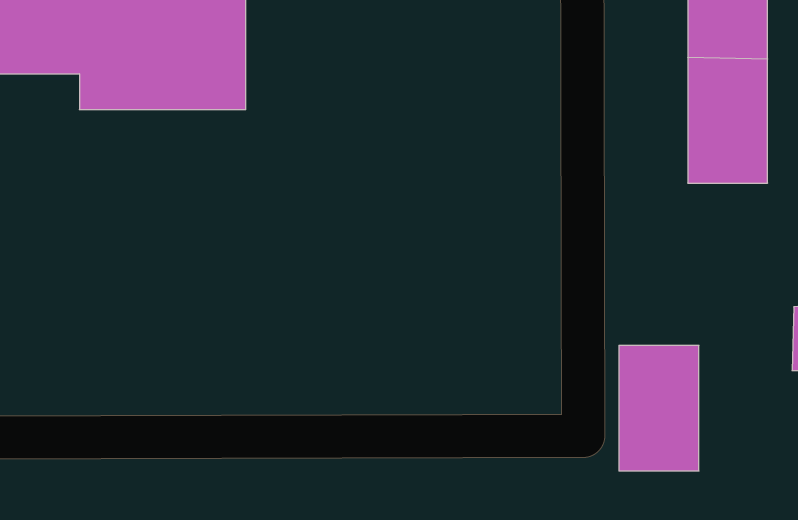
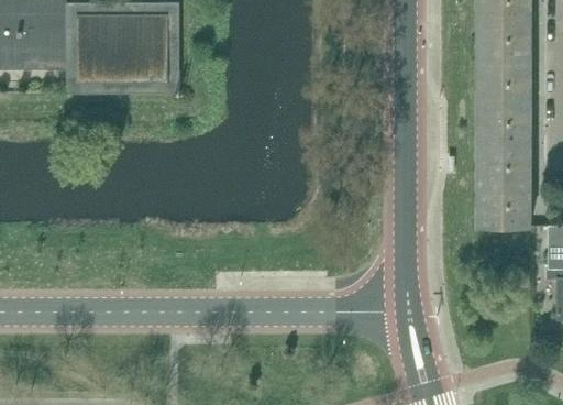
building: [619,345,699,471] -> [476,141,530,226]

